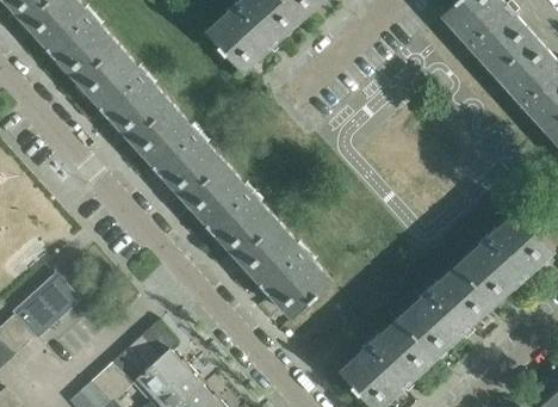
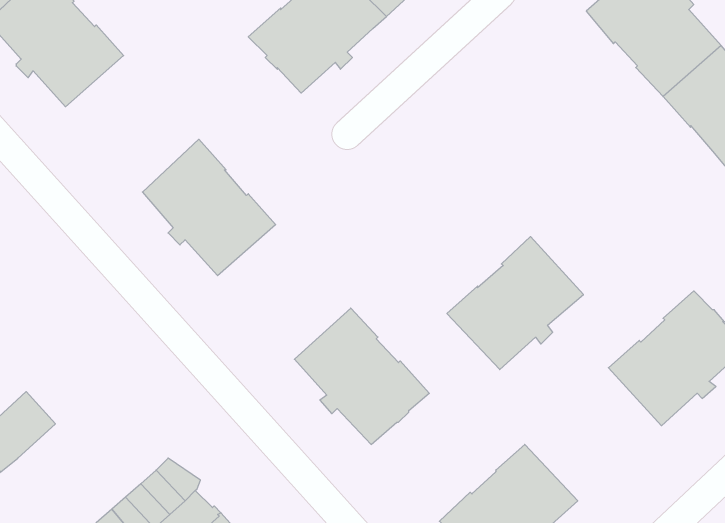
building: [79,45,172,141] -> none
building: [185,164,278,258] -> none
building: [399,264,495,357] -> [447,237,583,370]

